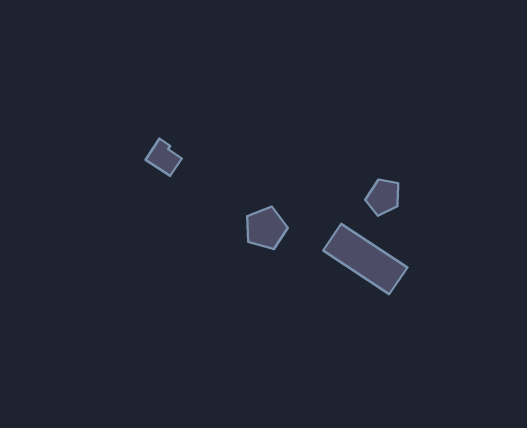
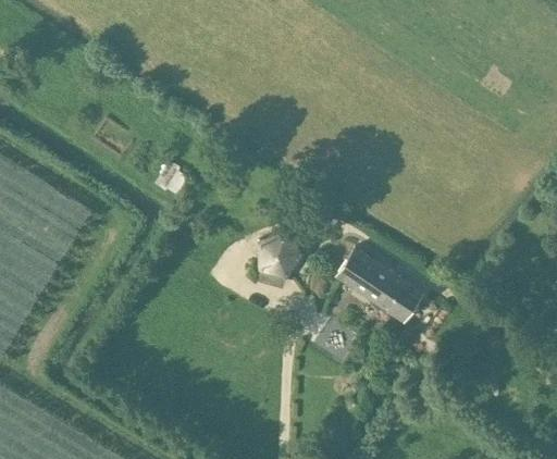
building: [365,179,398,216] -> none

